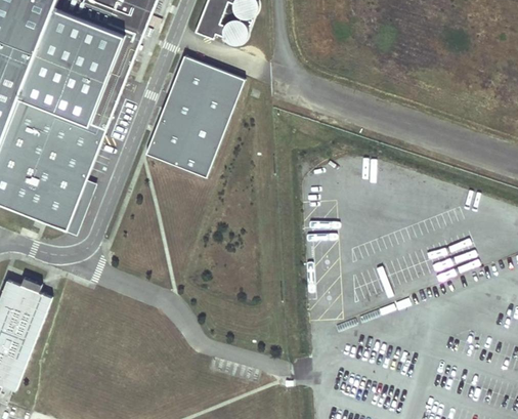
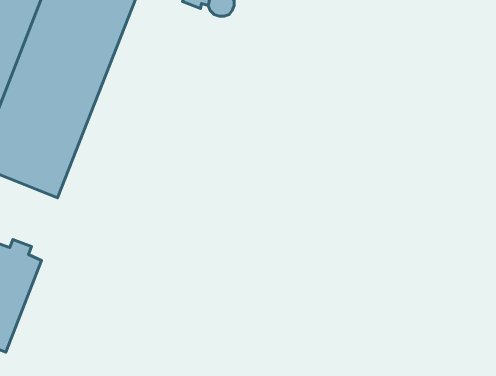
building: [144,55,243,176] -> none

